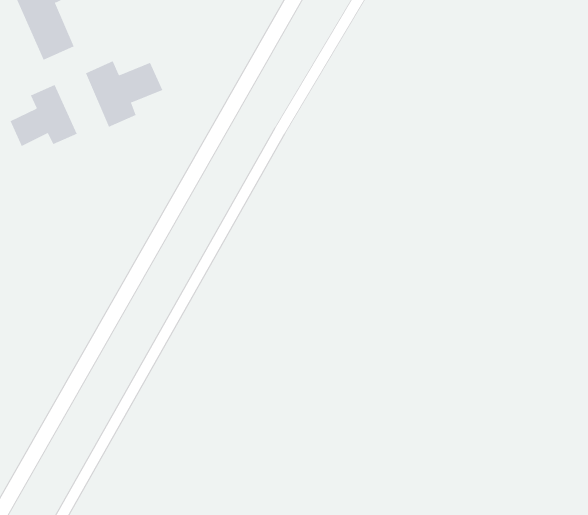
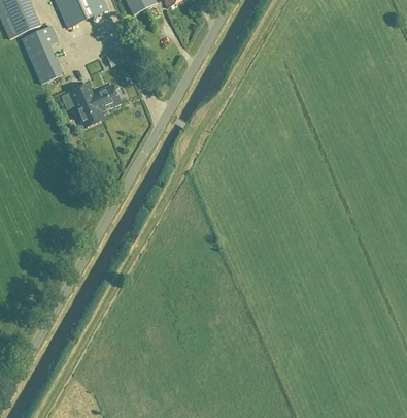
building: [10,84,78,147] -> none

